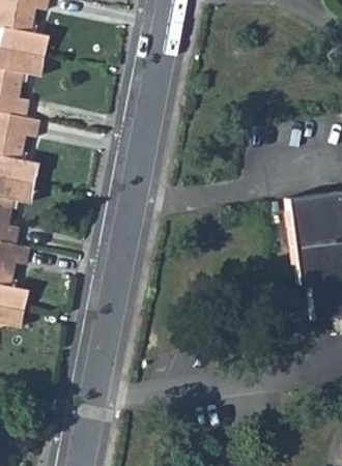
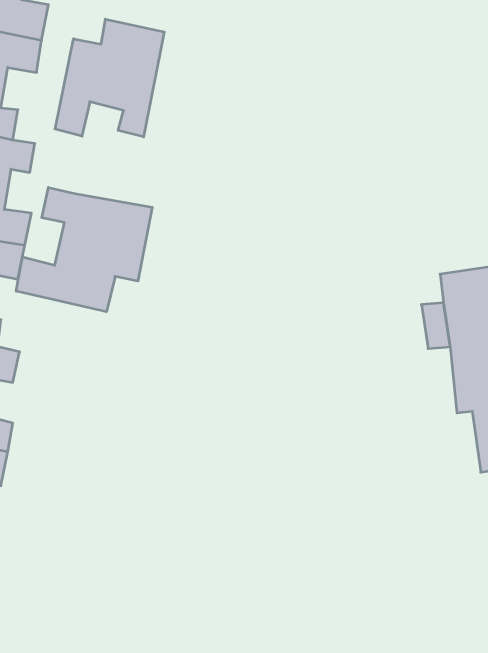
building: none -> [55,19,164,137]
building: none -> [16,187,152,312]

